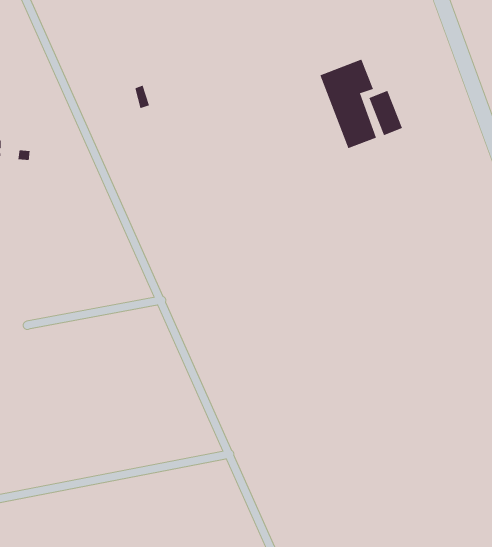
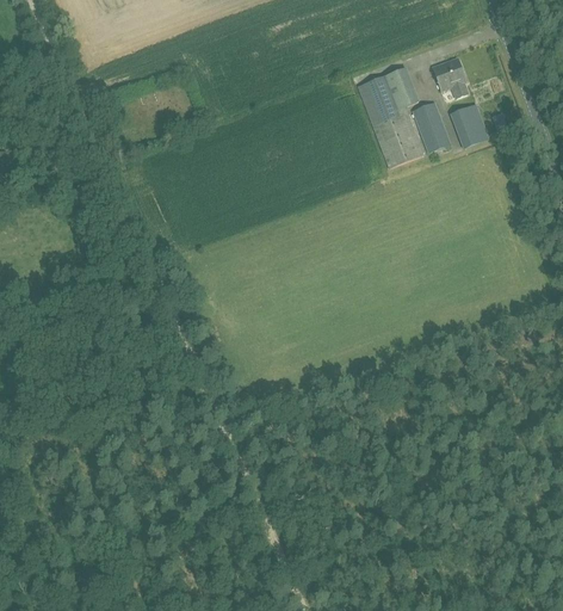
building: none -> [431,56,465,97]
building: none -> [450,104,487,147]

